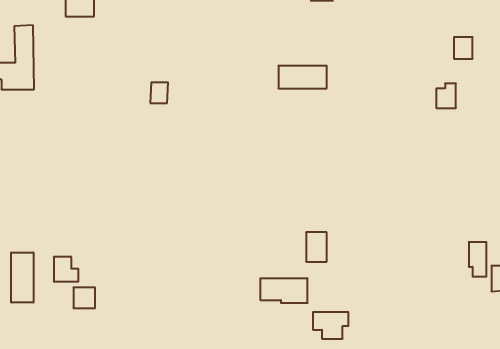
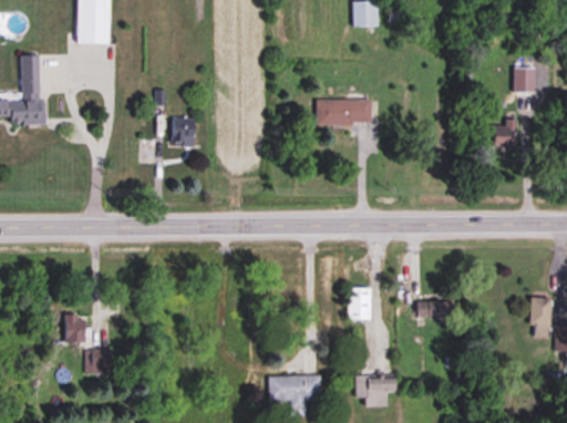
building: none -> [416,301,451,319]
building: [11,252,33,303] -> none
building: [260,278,308,303] -> [269,375,322,403]

